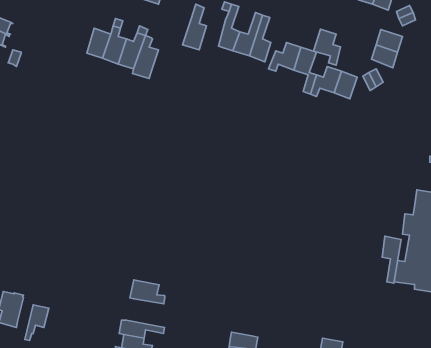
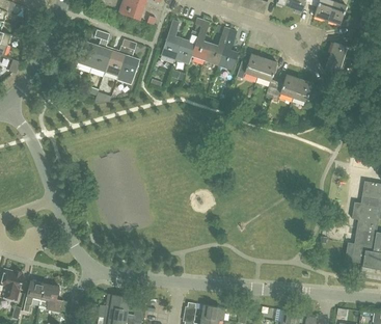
building: none -> [175,30,198,63]
building: [313,29,341,65] -> none
building: [382,236,401,283] -> none
building: [130,280,165,304] -> none
building: none -> [39,282,62,310]

